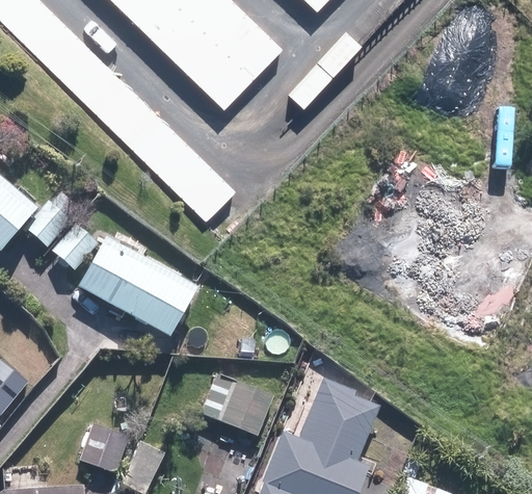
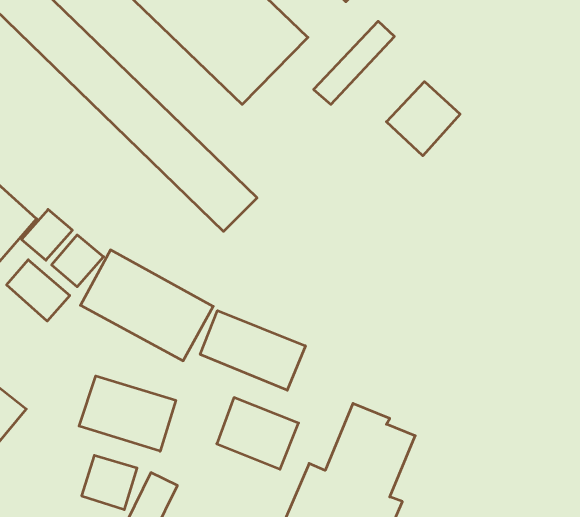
building: none -> [386,82,460,156]
building: none -> [7,260,70,321]
building: none -> [200,311,305,390]
building: none -> [79,376,176,451]

